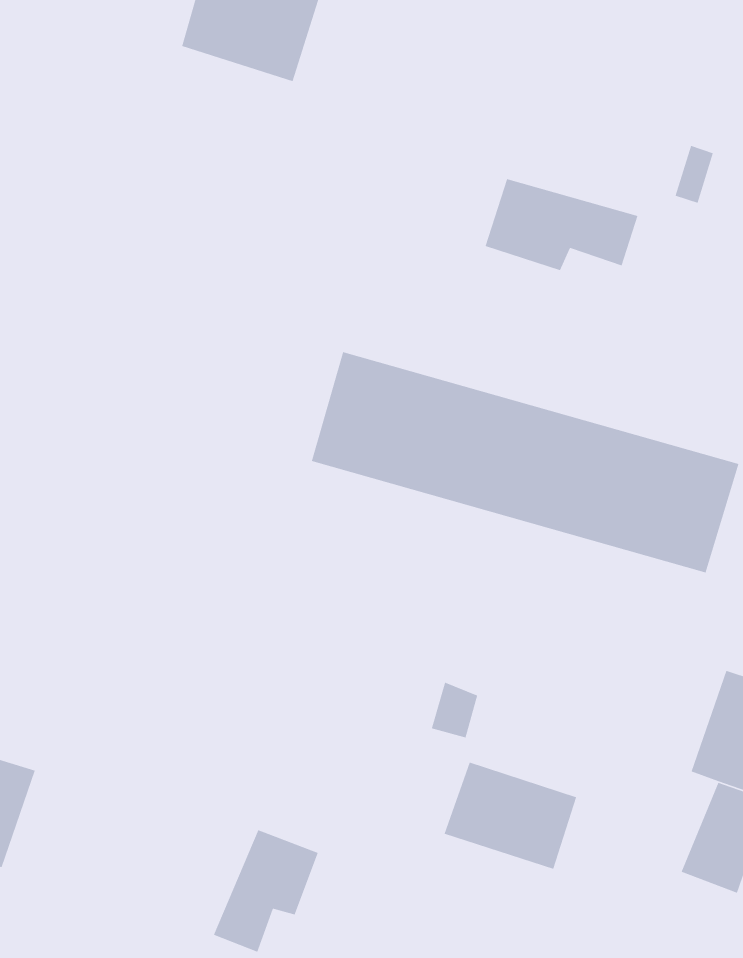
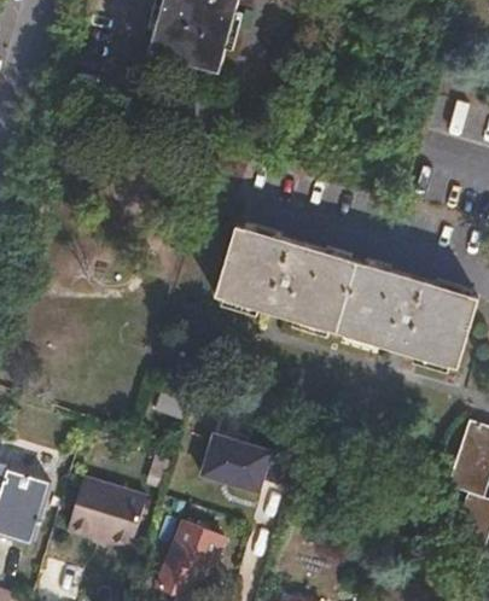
building: [485,178,639,271] -> none
building: [444,762,577,870] -> [204,427,286,494]
building: none -> [66,479,147,552]

